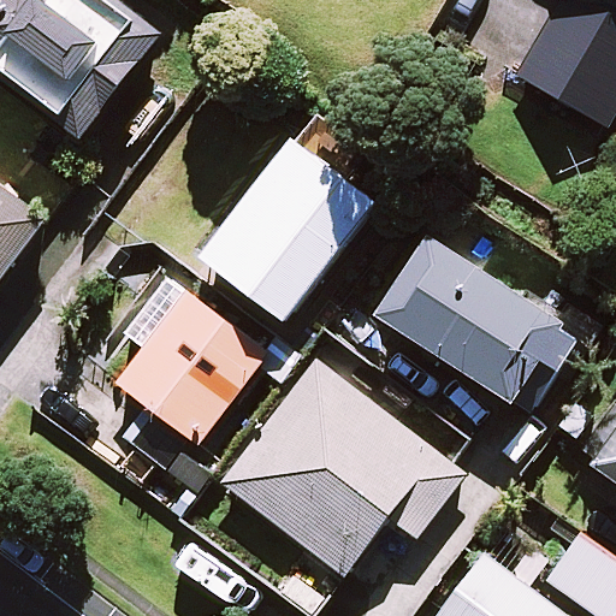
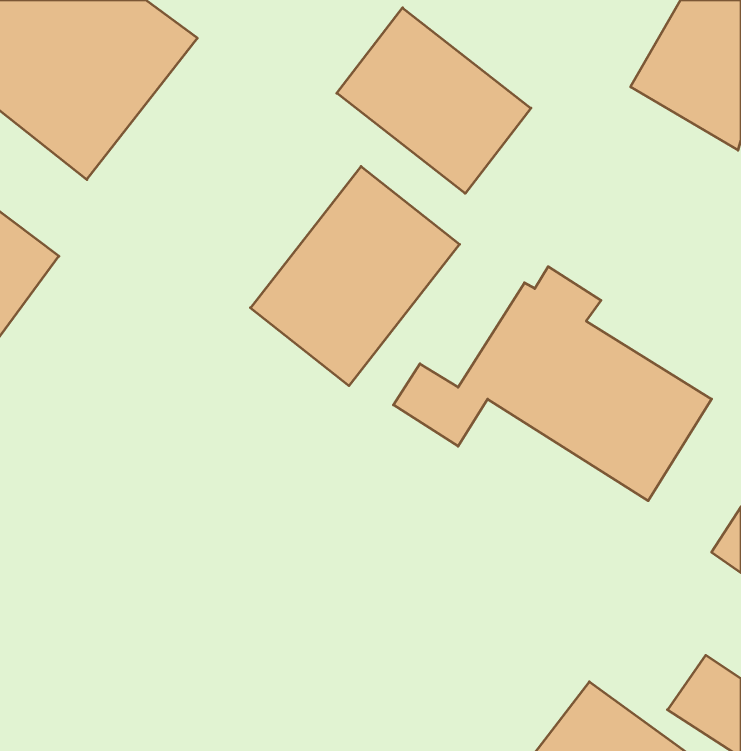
building: none -> [337,8,531,193]
building: [111,288,263,474] -> none
building: [220,361,461,574] -> none

